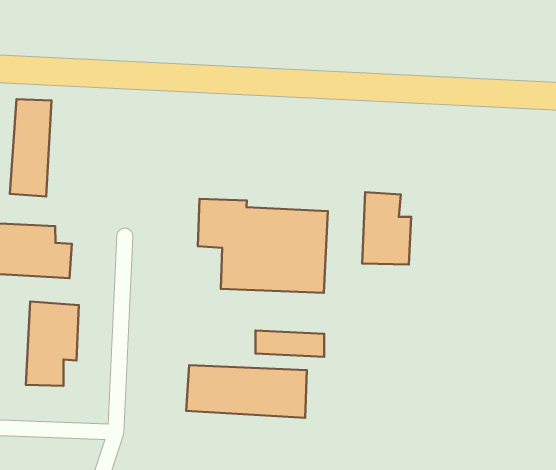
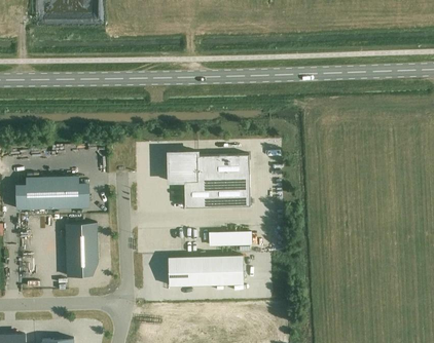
building: [10,99,51,197] -> none
building: [362,192,411,265] -> none

